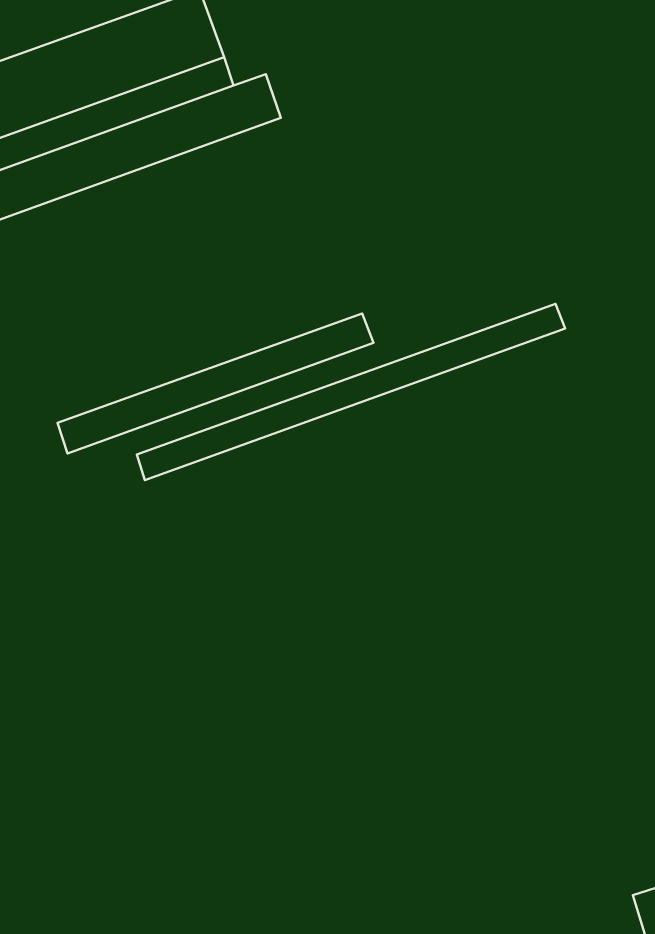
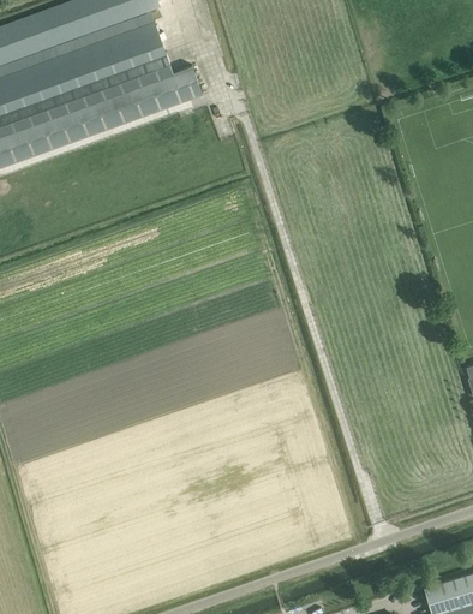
building: [137,304,565,480] -> none
building: [58,313,374,453] -> none

